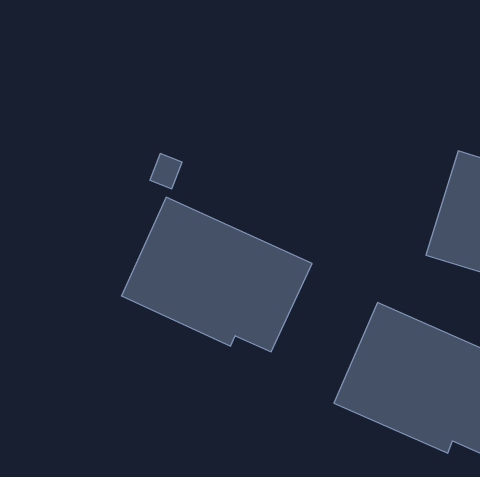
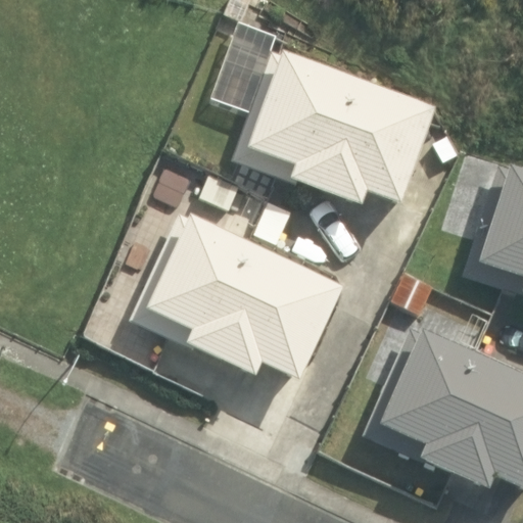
building: none -> [238,50,434,204]

